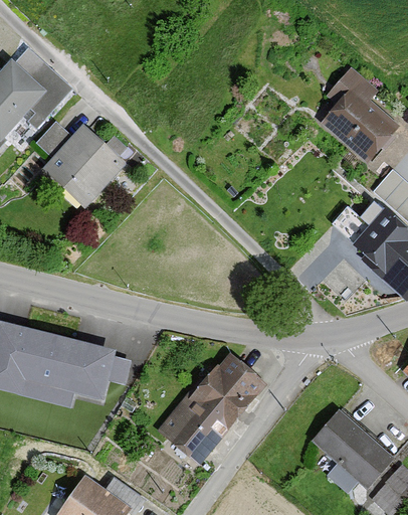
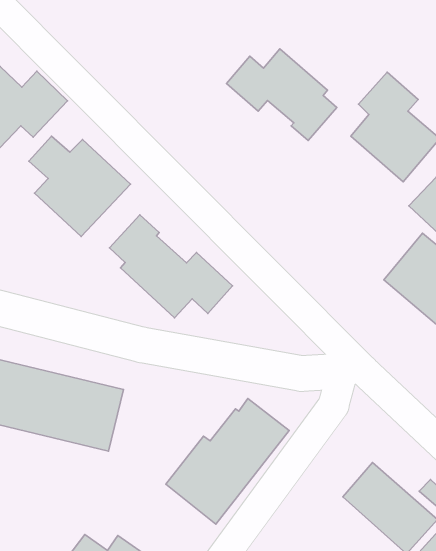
building: none -> [226,49,337,141]
building: none -> [109,215,233,318]

